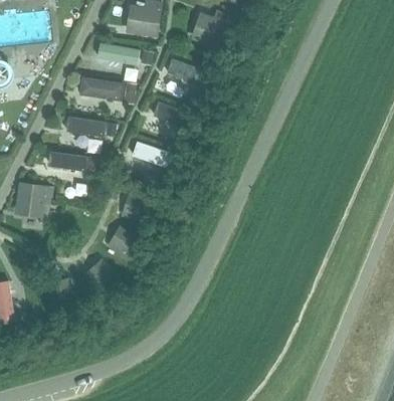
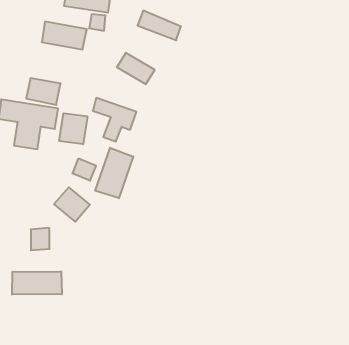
building: none -> [59,113,87,144]
building: none -> [95,148,133,198]
building: none -> [12,271,62,295]

